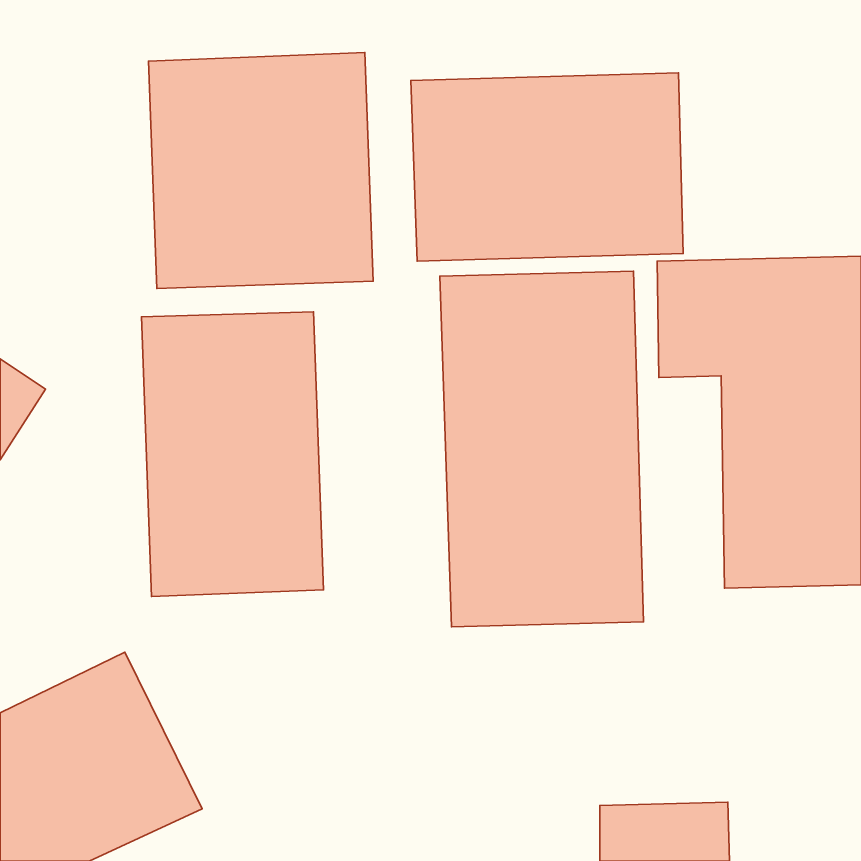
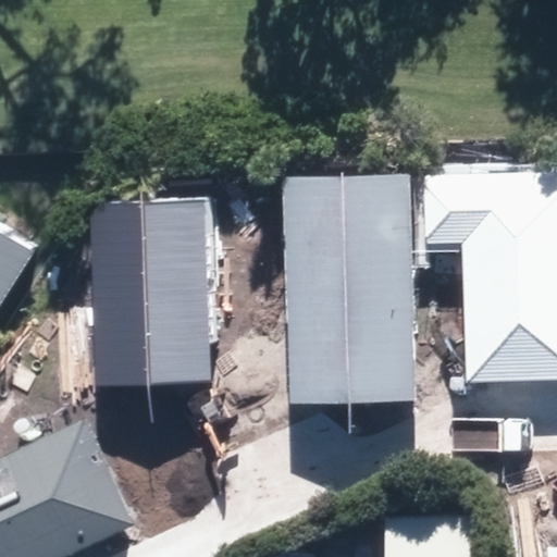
building: [149,52,373,289] -> none
building: [411,73,683,261] -> none

